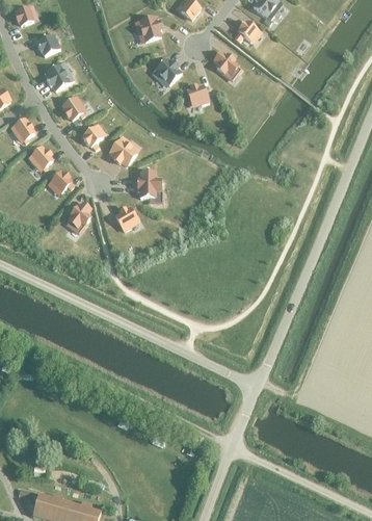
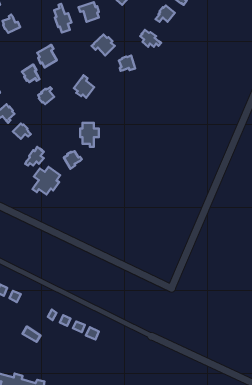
building: none -> [54,4,71,33]
building: [45,61,70,90] -> [37,45,57,67]
building: [109,135,135,164] -> [74,75,94,98]
building: none -> [33,167,60,195]

